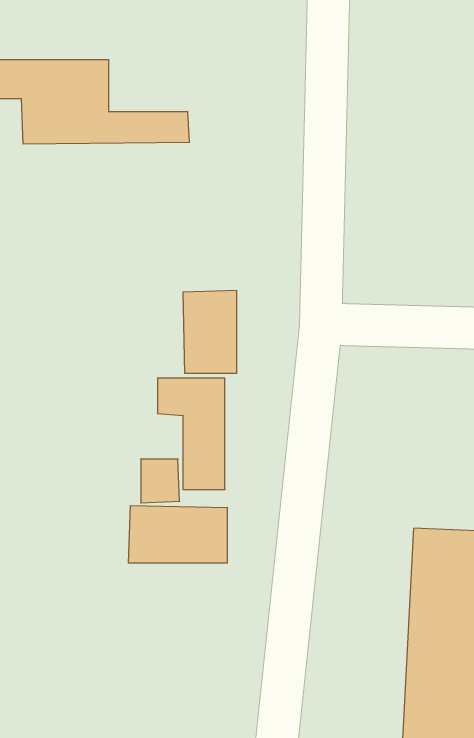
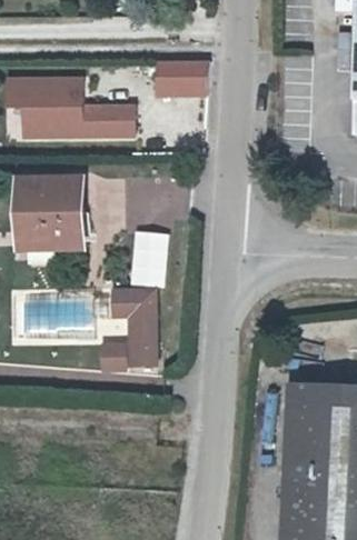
building: none -> [159,61,210,96]
building: none -> [23,179,95,253]
building: [129,506,227,563] -> none

